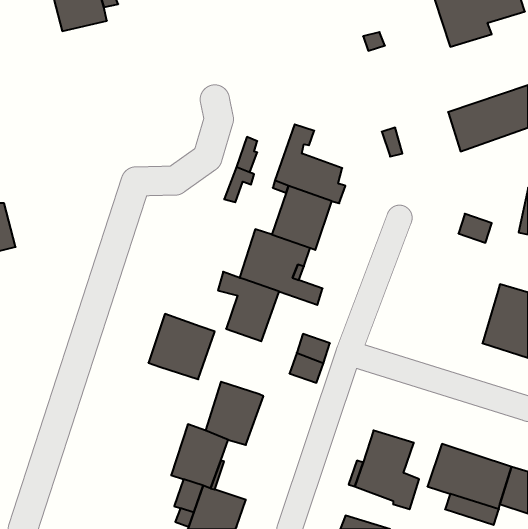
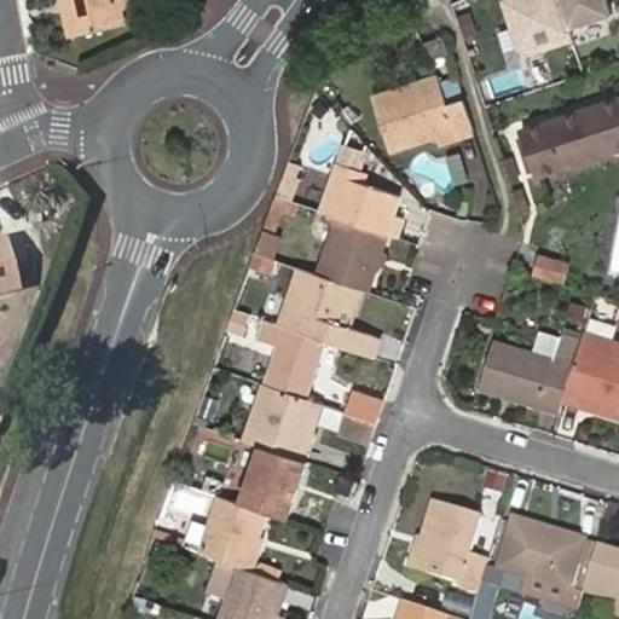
building: none -> [372,77,474,150]
building: none -> [479,334,580,412]
building: [148,314,215,379] -> [244,383,322,459]

